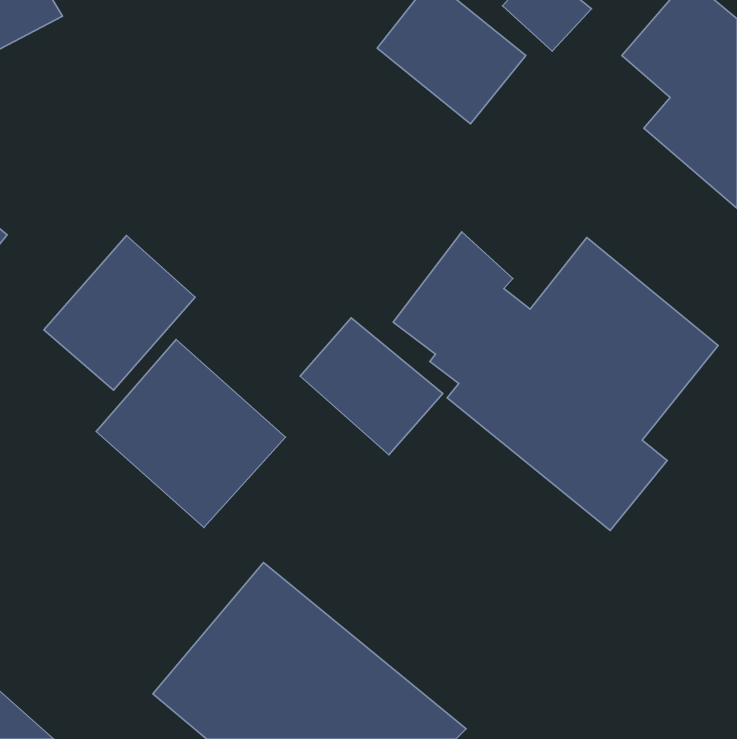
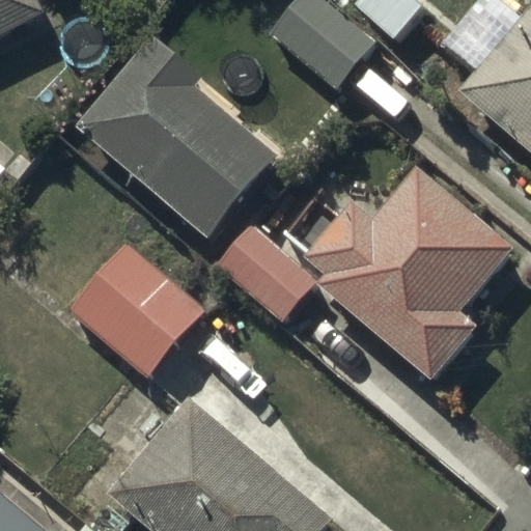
building: none -> [76,36,280,241]
building: [44,236,195,390] -> none

